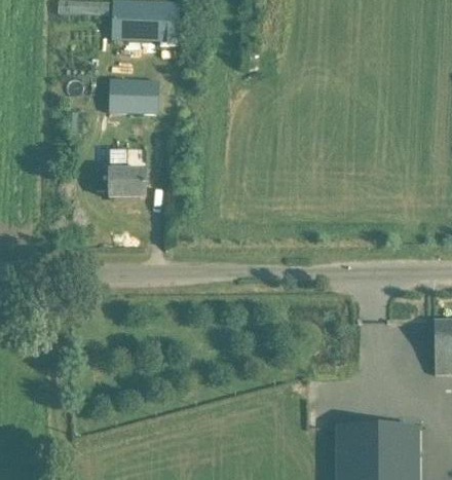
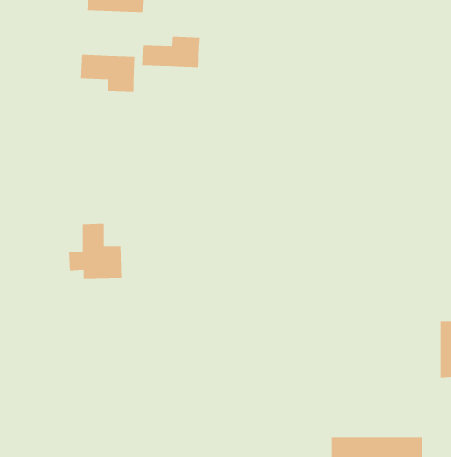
building: none -> [142,36,201,68]
building: [97,147,146,198] -> [68,223,123,280]

